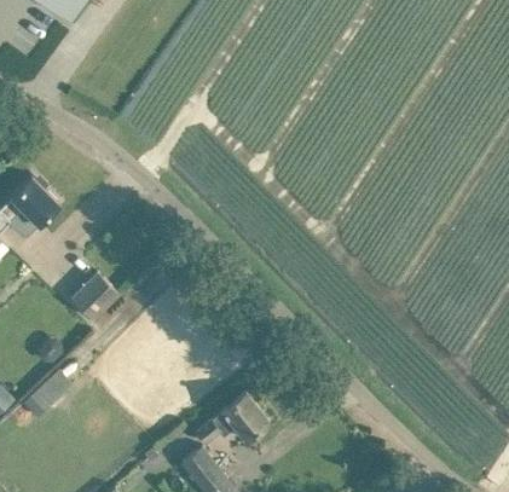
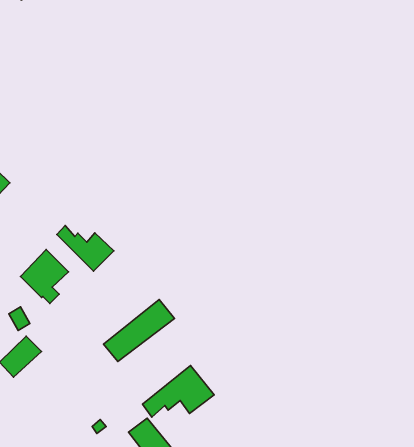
building: none -> [57,226,114,271]
building: none -> [103,300,175,362]

